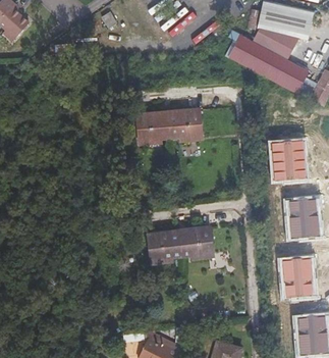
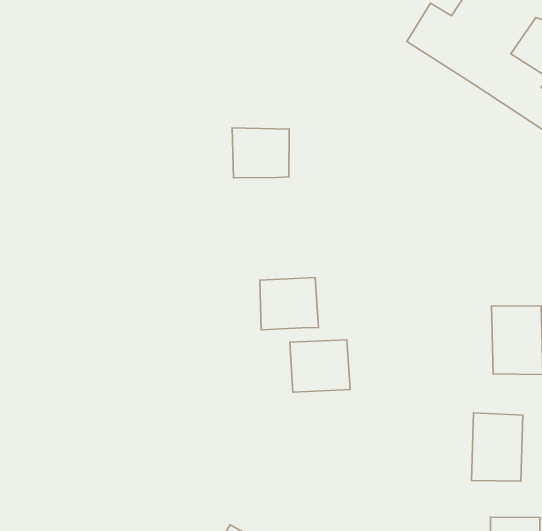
building: [168,108,202,138] -> none
building: [272,140,307,180] -> none
building: [148,229,182,261] -> [260,278,318,330]

